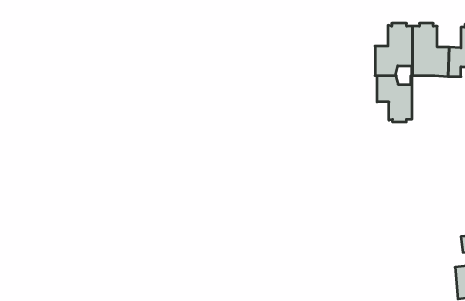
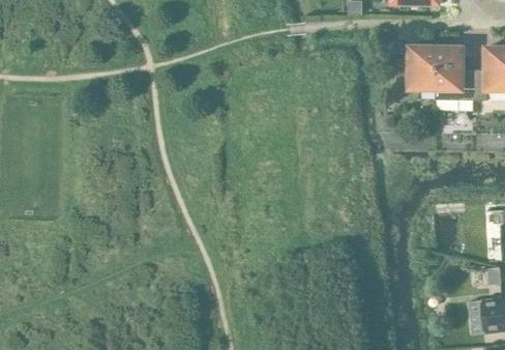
building: [377,76,412,122] -> none

